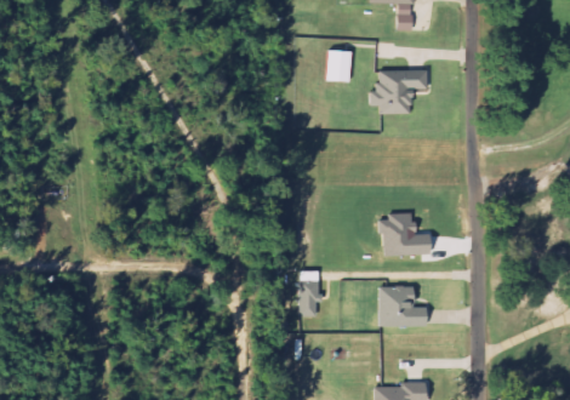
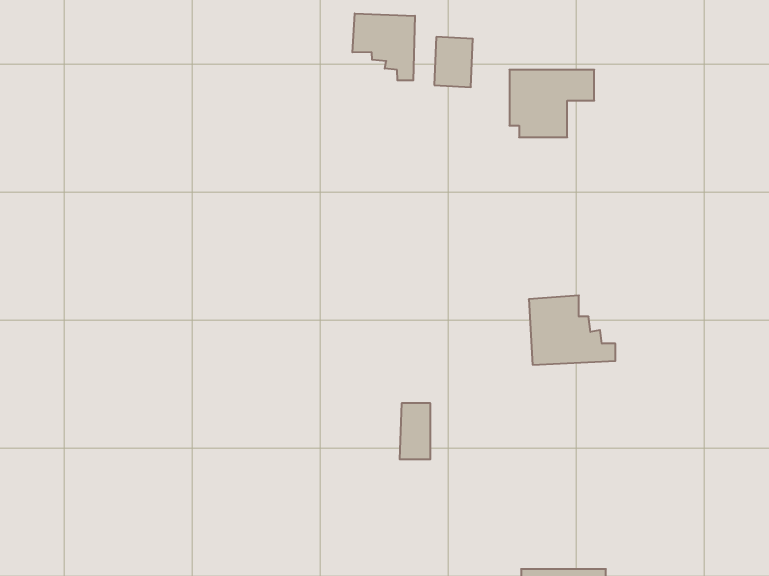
building: none -> [352,13,415,80]
building: [381,287,432,326] -> none

